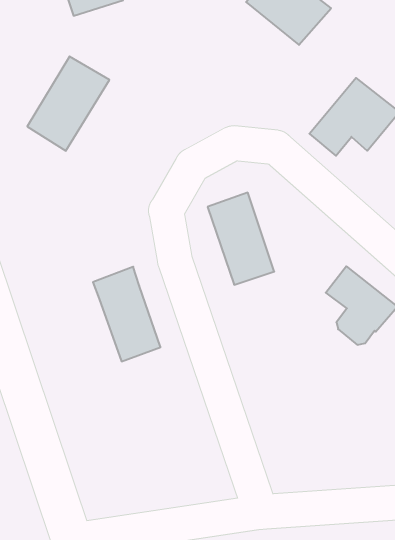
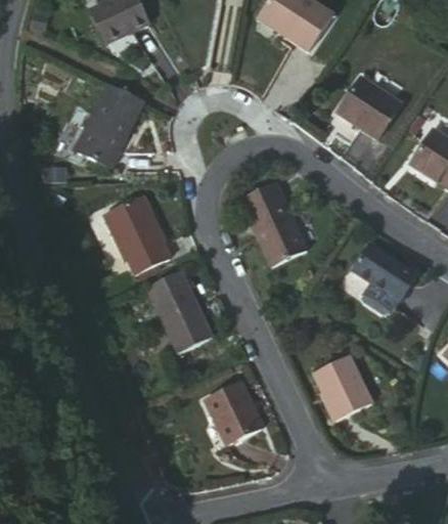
building: none -> [99,189,168,273]
building: none -> [312,358,369,423]
building: none -> [205,381,263,445]

